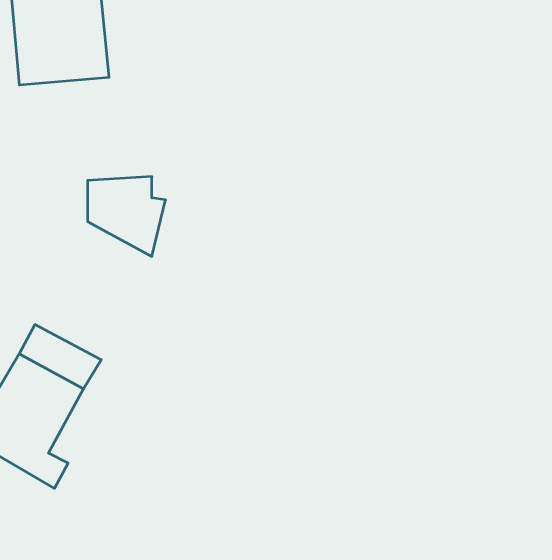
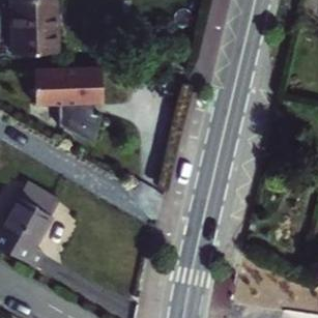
building: none -> [27,66,95,105]

